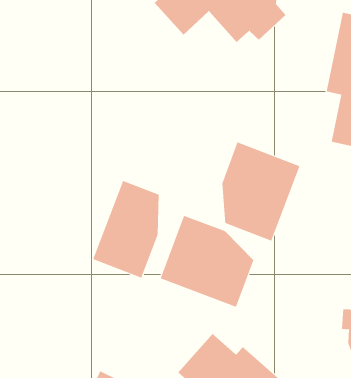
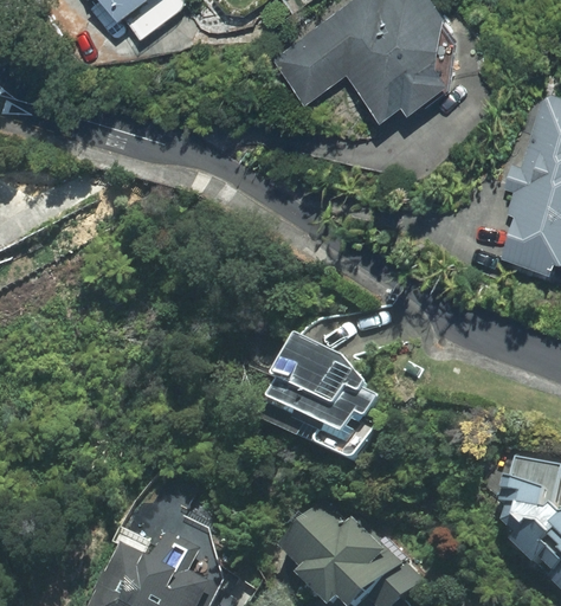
building: [222,142,300,241] -> none
building: [93,180,159,279] -> none

